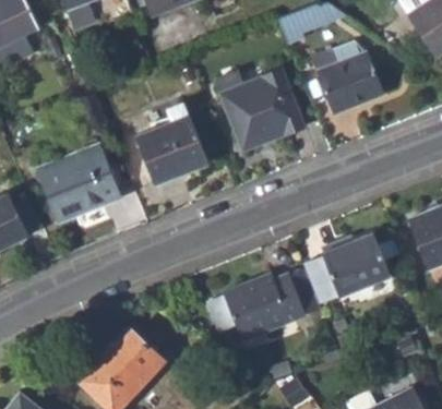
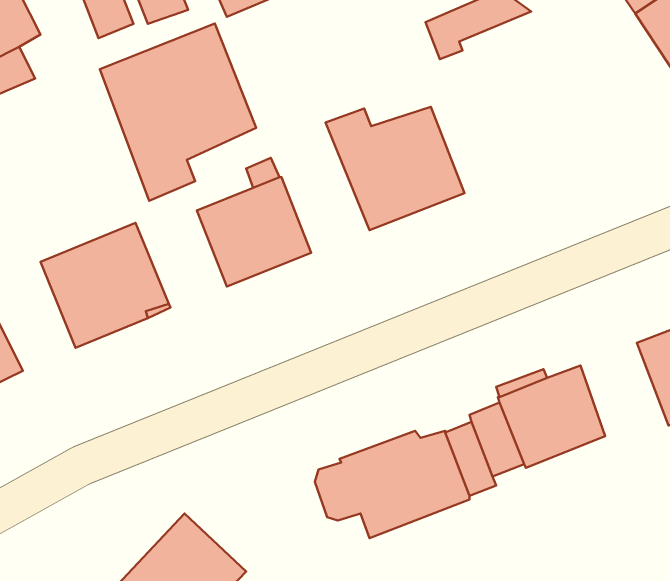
building: none -> [100,24,256,201]
building: [313,43,384,113] -> none

